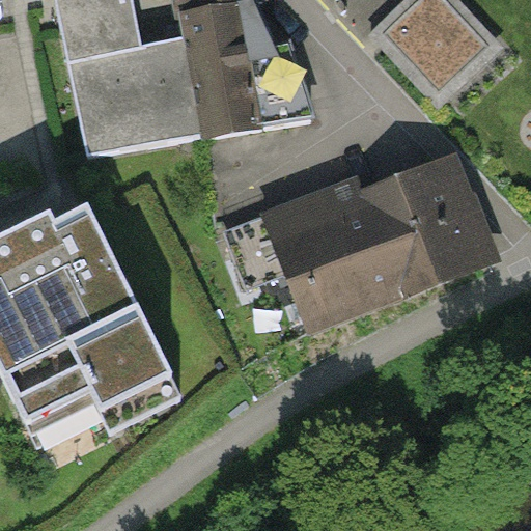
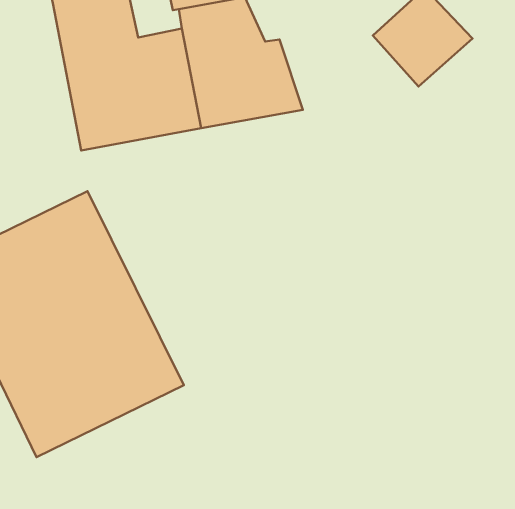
building: [225,166,490,323] -> none

